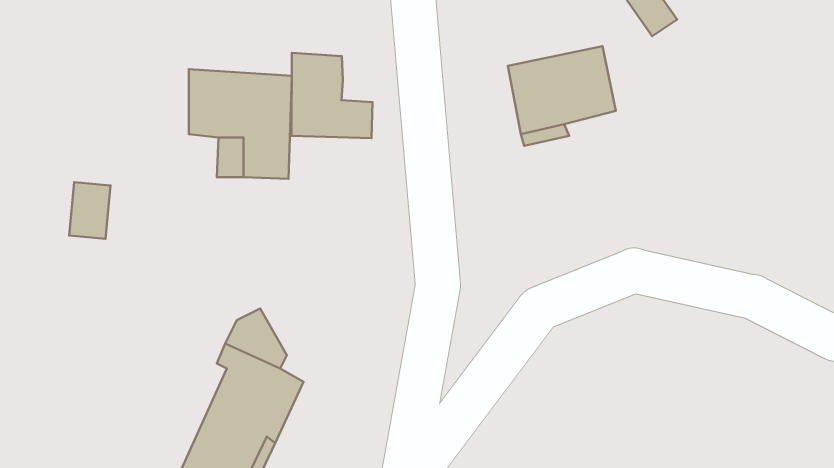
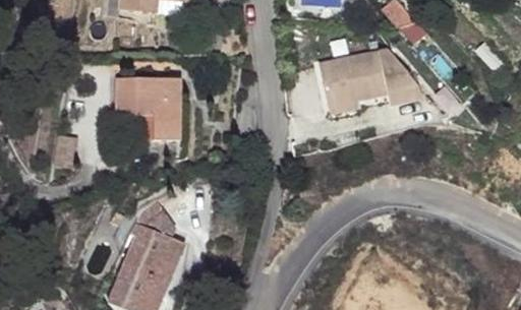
building: none -> [369,46,415,90]
building: [292,53,372,138] -> none

